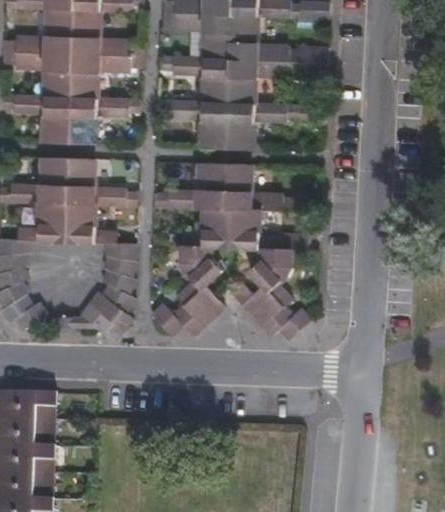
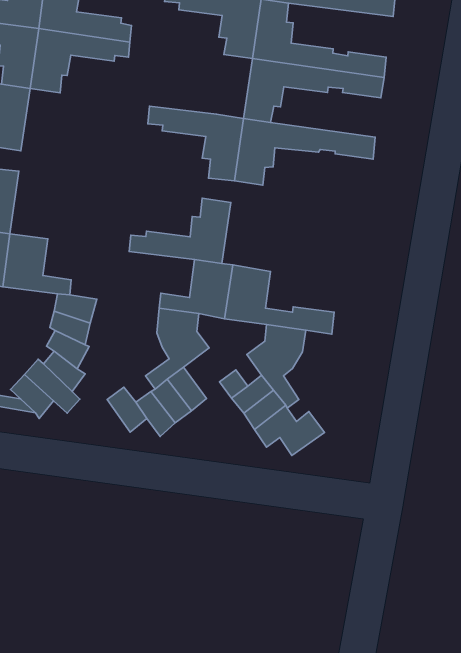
building: [162,56,231,102] -> none
building: [70,96,138,143] -> none
building: [68,157,136,206] -> none
building: [224,164,322,213] -> none

